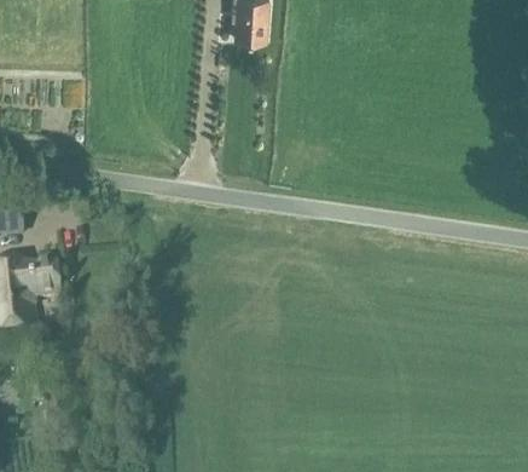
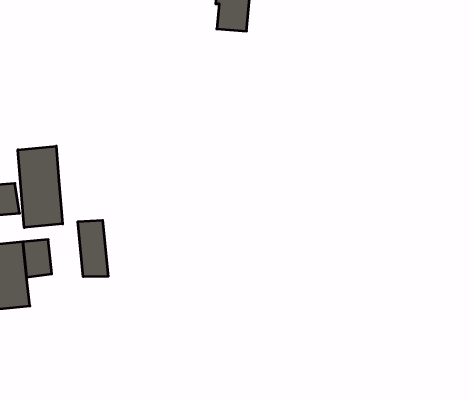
building: none -> [18,146,63,228]
building: none -> [78,220,108,277]

